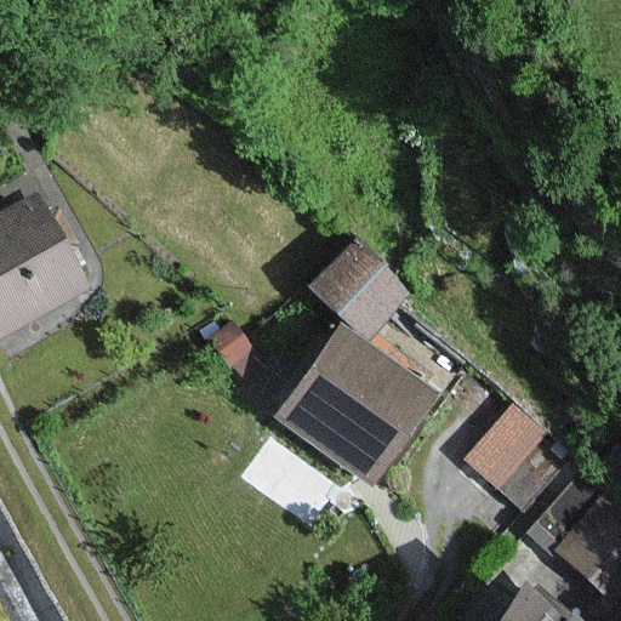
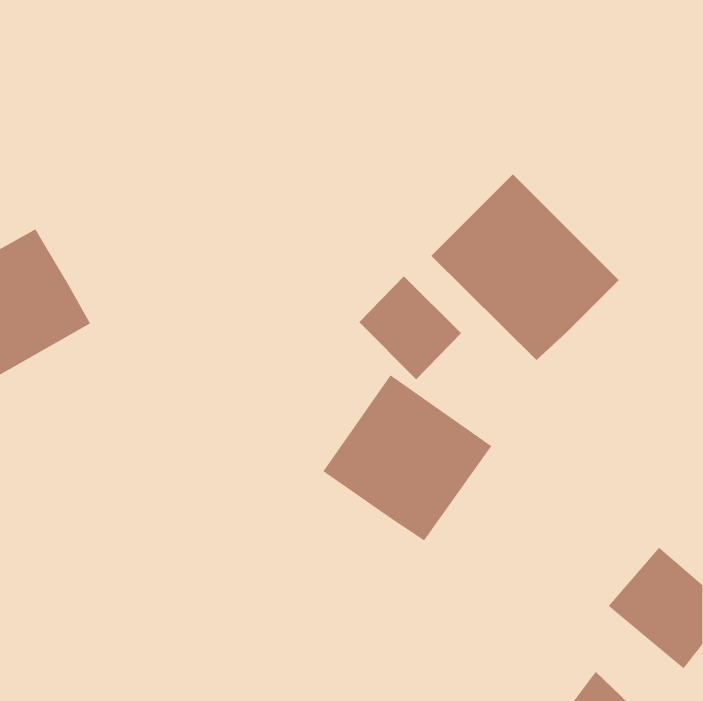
building: none -> [430,173,619,361]
building: [463,394,576,503] -> none

